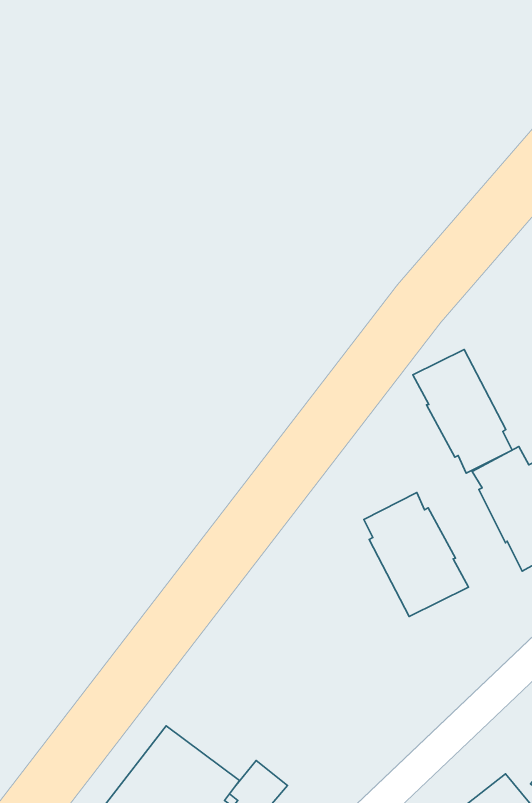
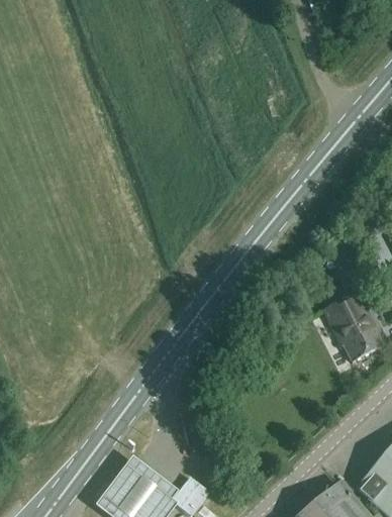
building: [413,350,512,473] -> none
building: [364,493,468,617] -> none

